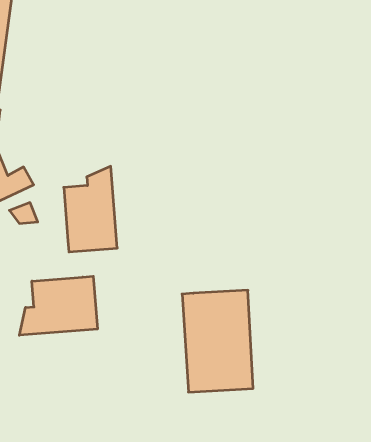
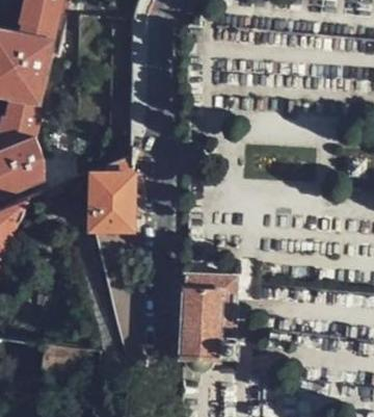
building: [19,276,97,335] -> none

